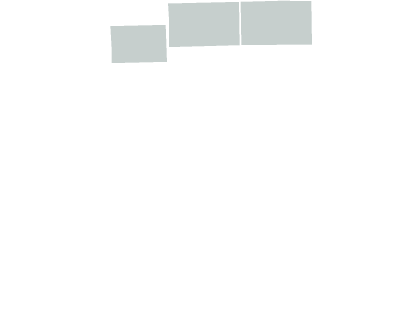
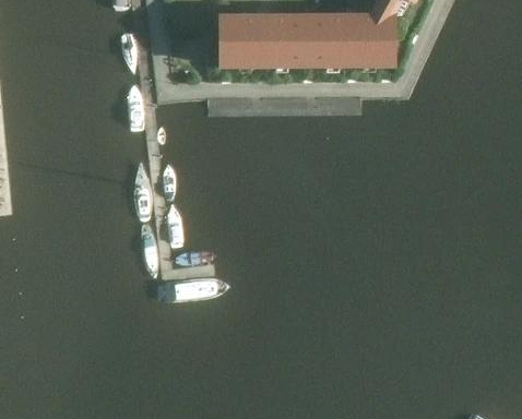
building: [110,24,167,64] -> none

